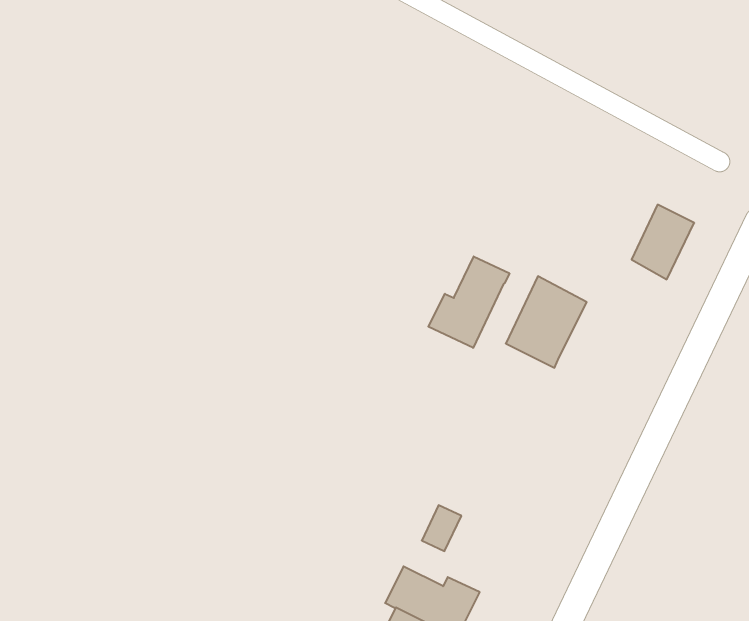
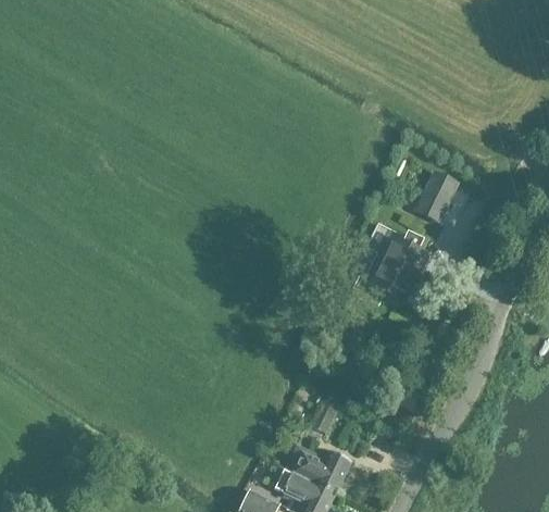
building: [632,205,694,279] -> [412,168,457,222]
building: [428,256,509,348] -> none

